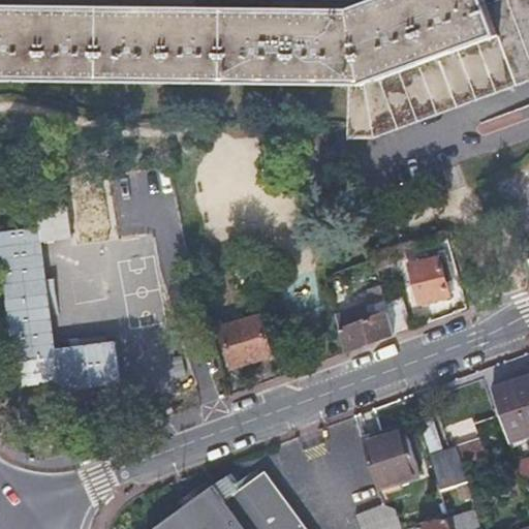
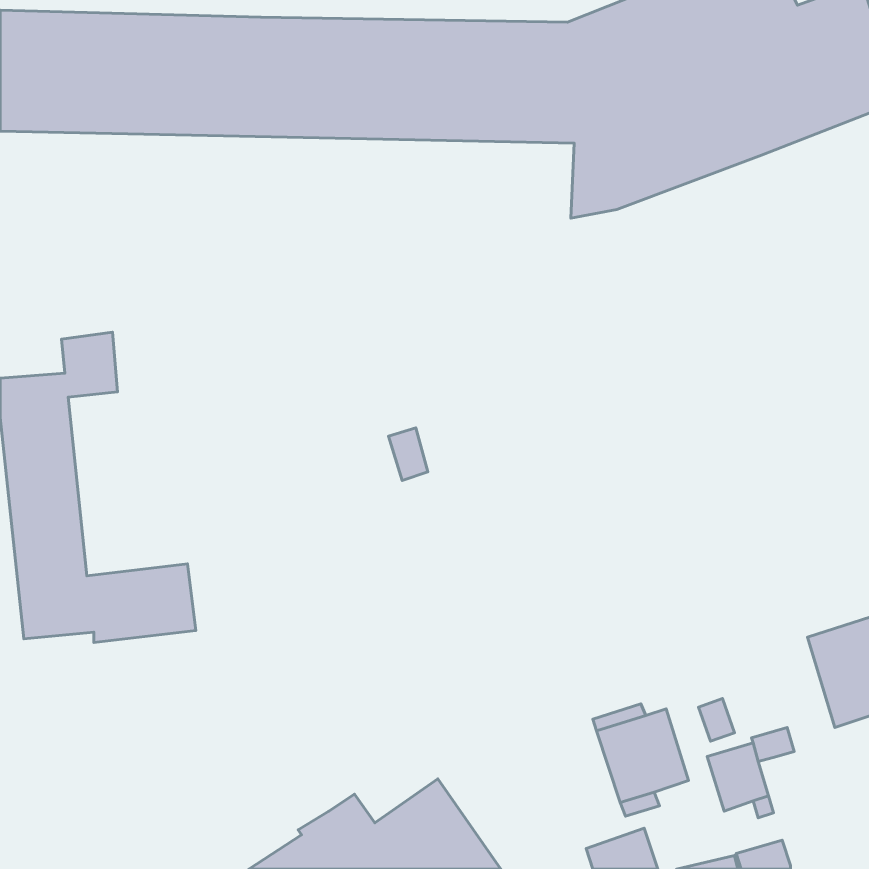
building: [408,257,448,305] -> none
building: [333,285,392,354] -> none
building: [219,315,269,368] -> none

